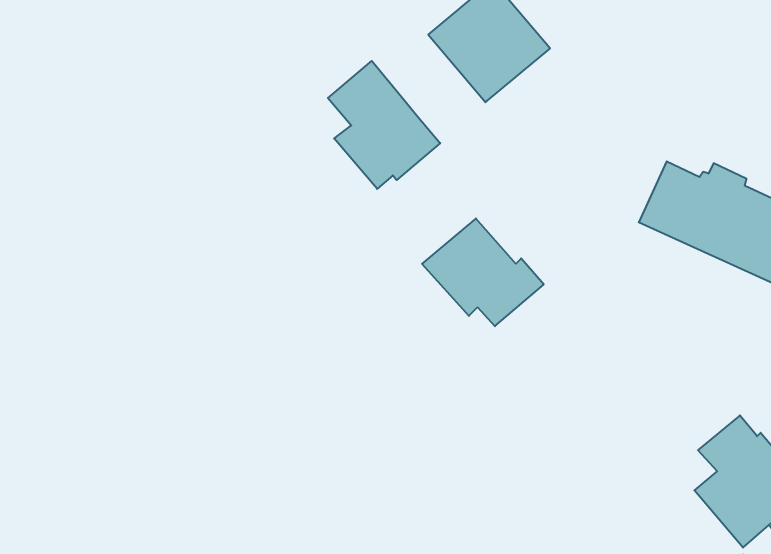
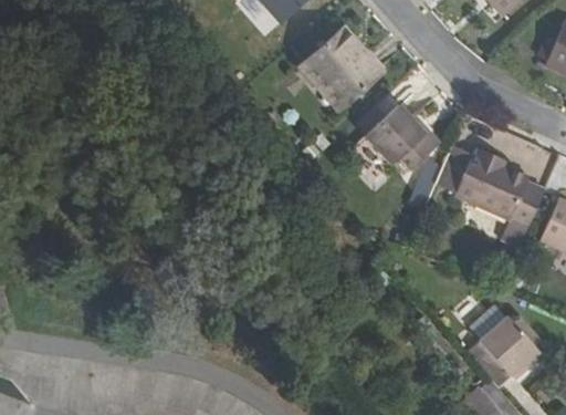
building: [328,61,440,189] -> none
building: [422,218,544,326] -> [363,97,440,166]

